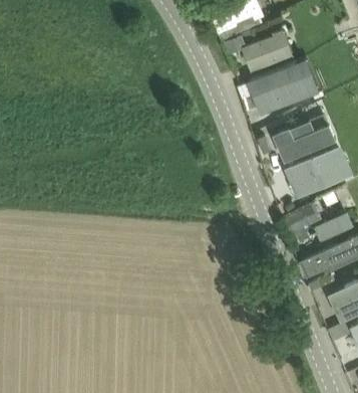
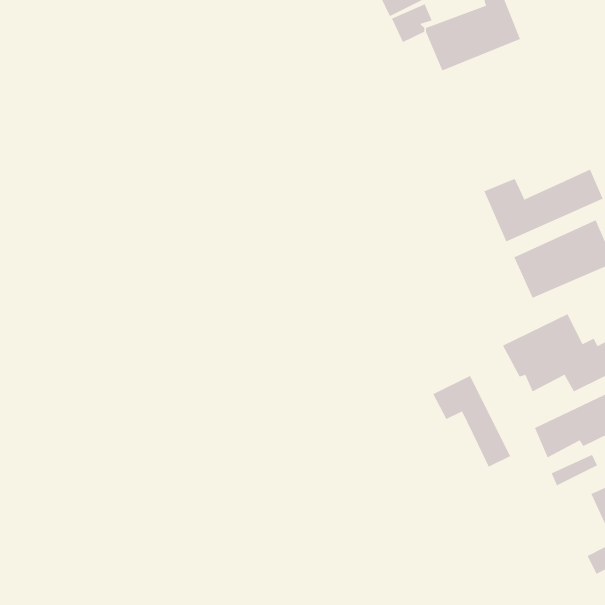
building: [247,59,319,117] -> none
building: none -> [433,375,511,468]

